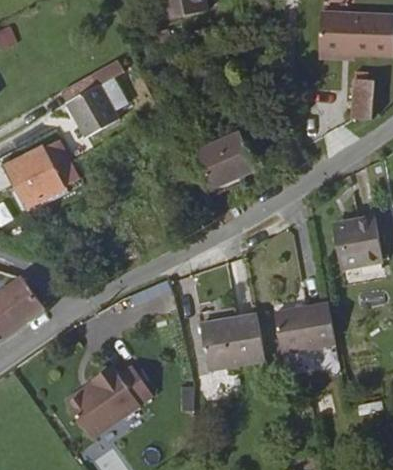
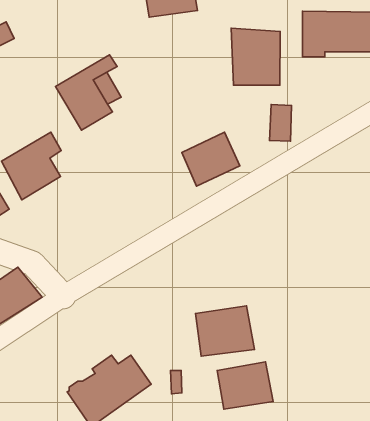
building: none -> [231,28,280,85]
building: [349,79,372,117] -> [269,105,292,141]
building: [322,211,372,263] -> none
building: [275,299,333,348] -> [217,362,273,409]

